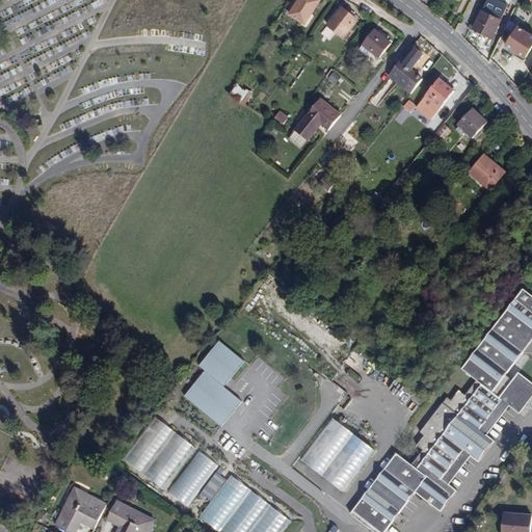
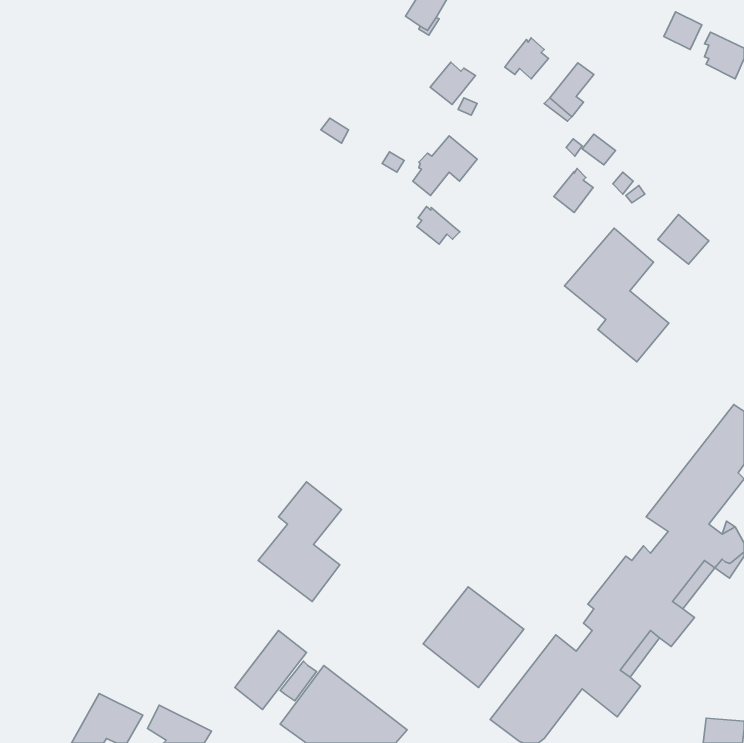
building: [327,6,360,36] -> [430,62,476,105]
building: [425,75,453,106] -> [554,169,593,212]
building: [458,106,486,136] -> none
building: none -> [417,206,460,244]
building: none -> [565,228,669,362]
building: [124,416,195,487] -> none

